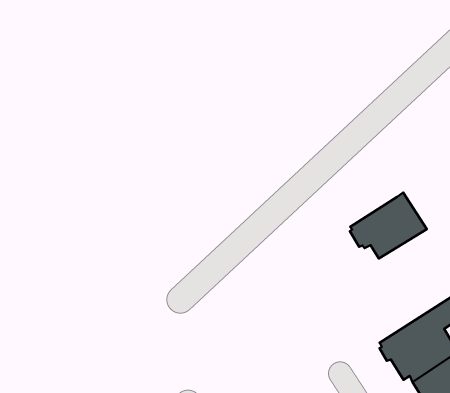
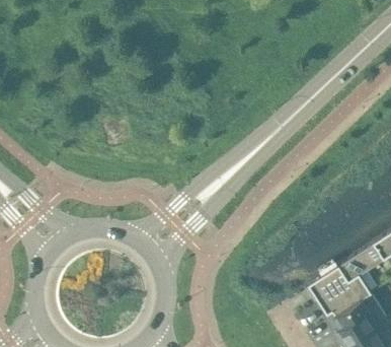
building: [350,193,427,259] -> none

